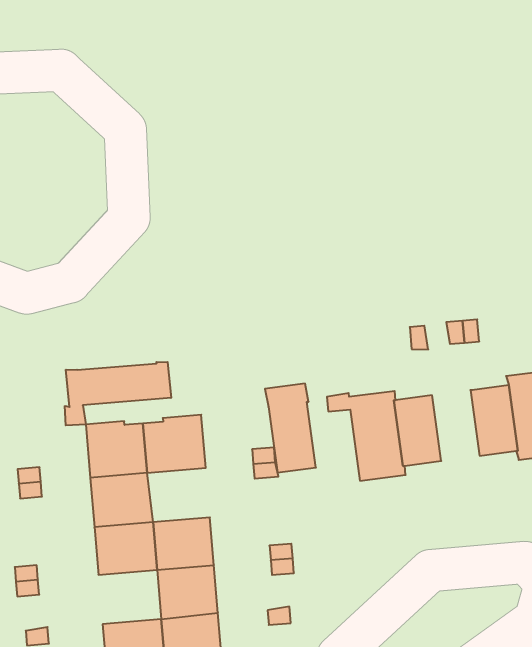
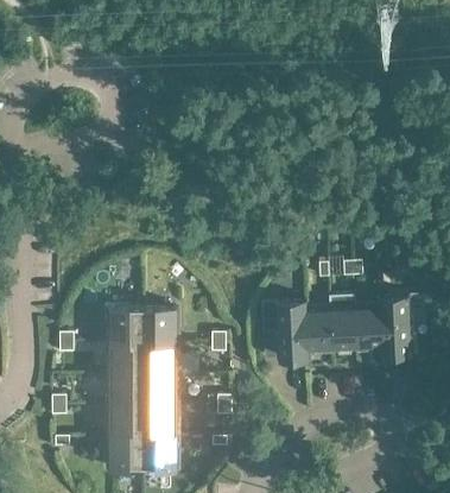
building: [65,362,171,425] -> none
building: [265,384,316,473] -> [329,296,357,352]
building: none -> [142,343,180,375]
building: none -> [106,406,144,438]

